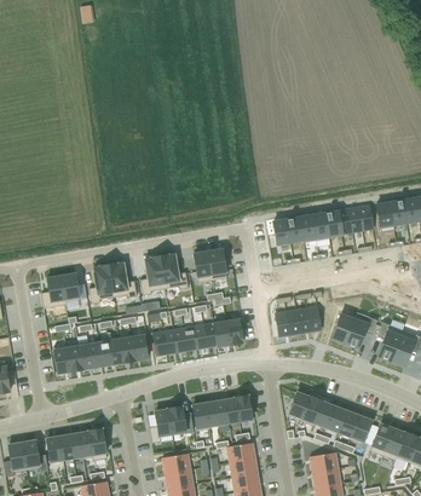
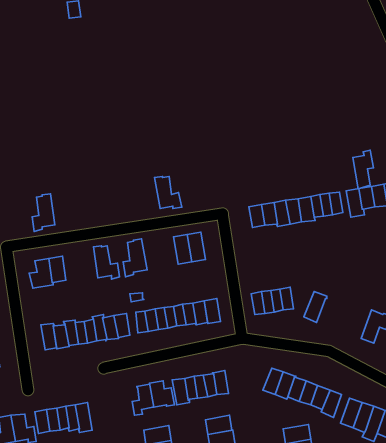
building: none -> [353,150,374,189]
building: [160,254,189,288] -> [154,176,182,208]
building: [90,264,114,304] -> [32,194,55,232]
building: [345,316,377,348] -> none
building: [377,322,403,361] -> none

